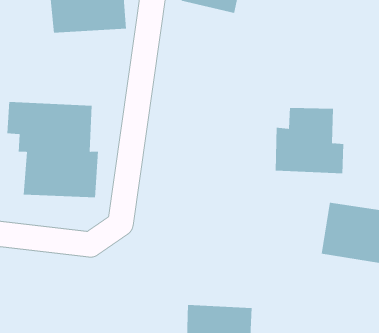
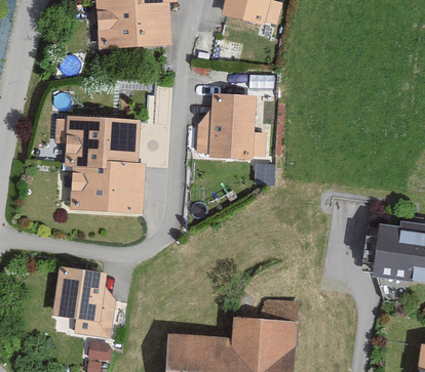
building: [275,108,344,174] -> [197,94,266,160]
building: none -> [53,268,116,338]

